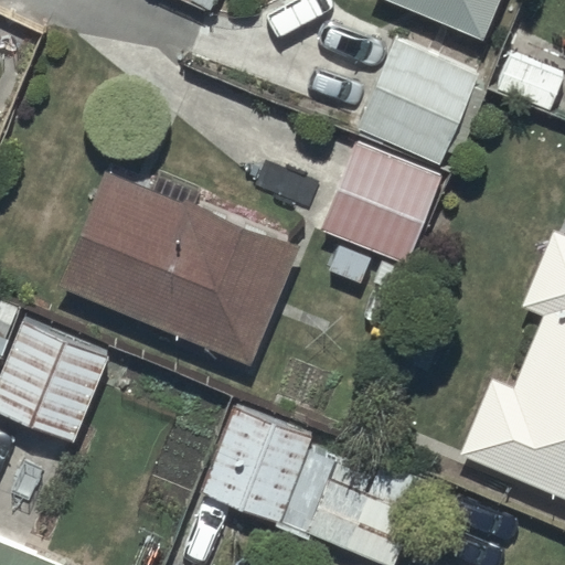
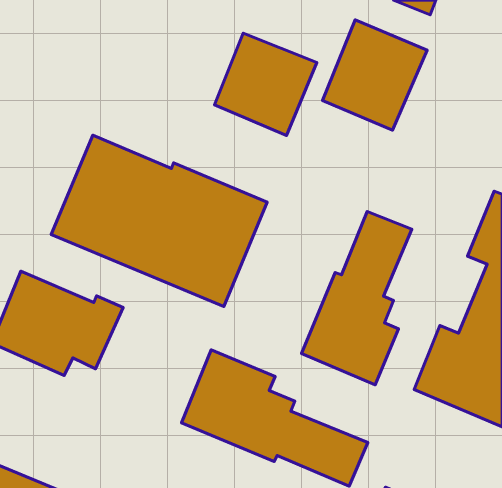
building: [324,145,439,259] -> [214,33,317,136]
building: none -> [302,211,412,385]

